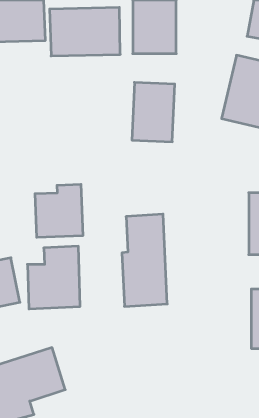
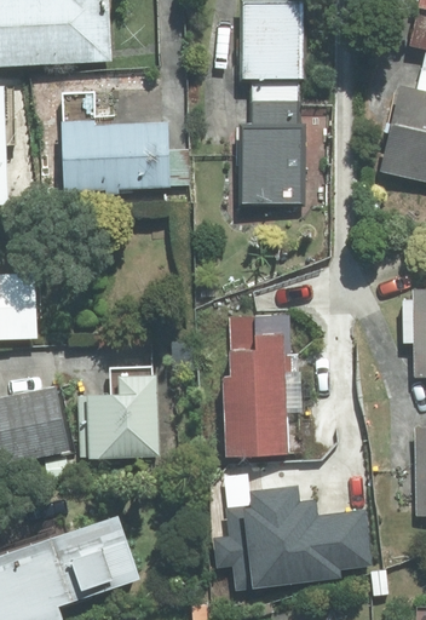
building: [50,7,120,56] -> [62,120,166,191]
building: [35,184,83,237] -> none
building: none -> [201,492,367,599]

